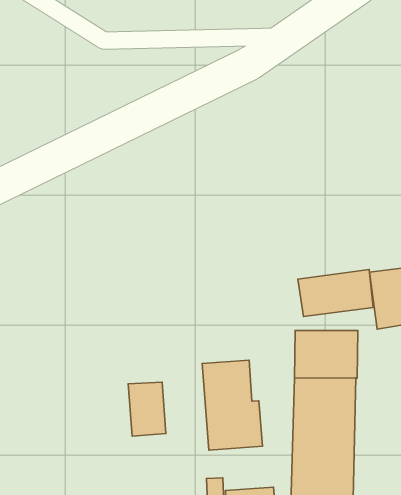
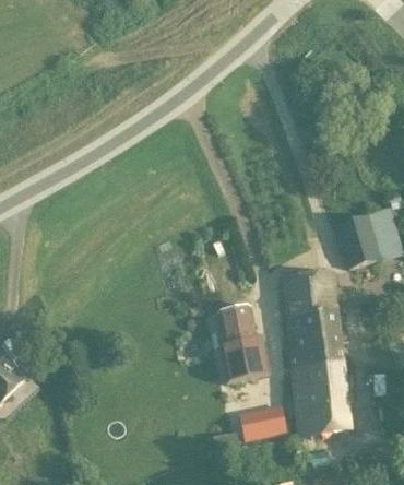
building: [298,270,373,317] -> none
building: [128,382,166,436] -> none

